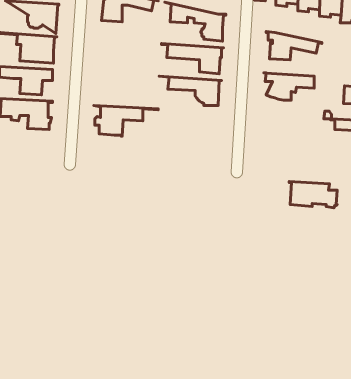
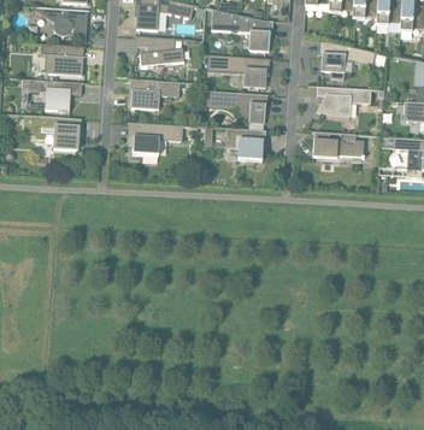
building: none -> [132,36,199,66]
building: none -> [128,78,193,110]
building: none -> [225,128,265,161]
building: [289,182,337,208] -> [311,131,364,160]

